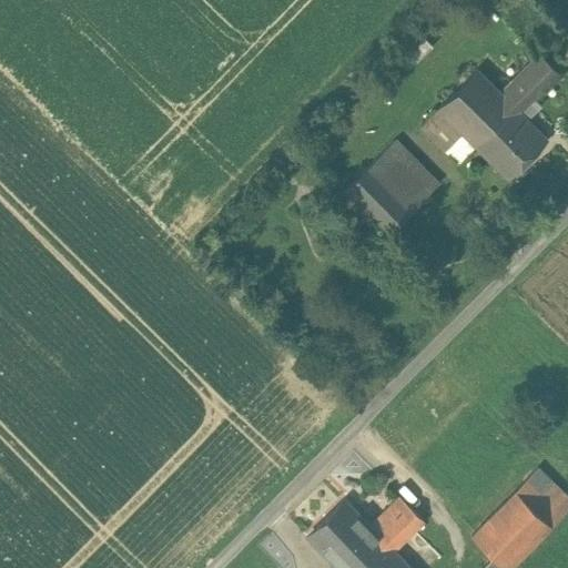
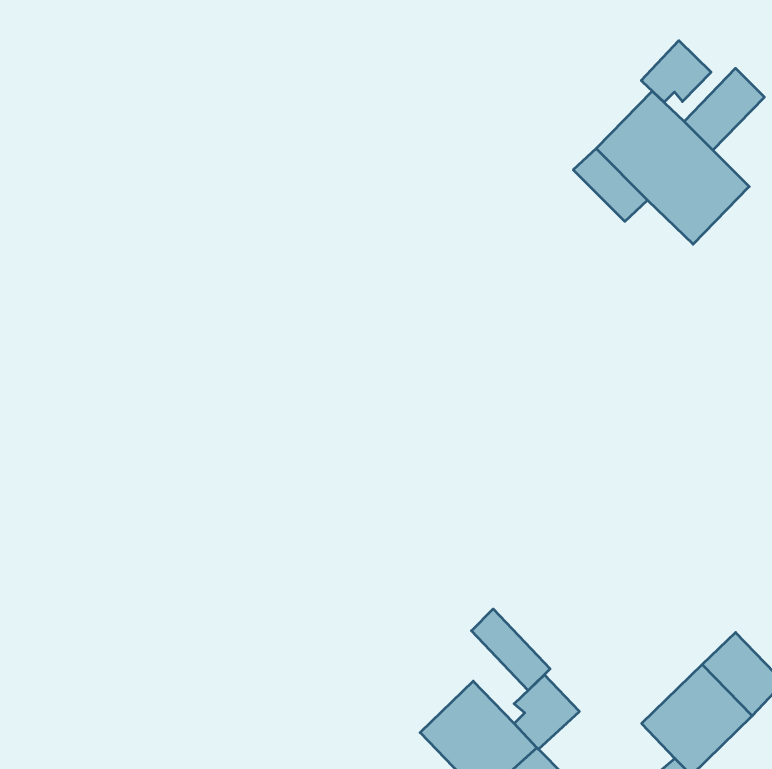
building: none -> [641,41,711,102]
building: [339,140,442,241] -> none
building: none -> [471,609,550,691]

